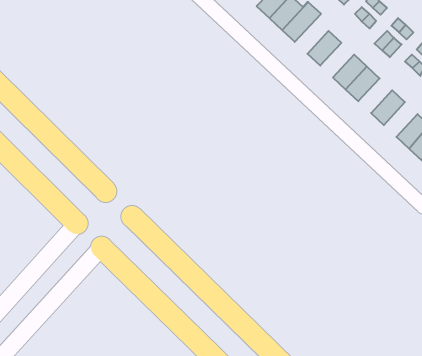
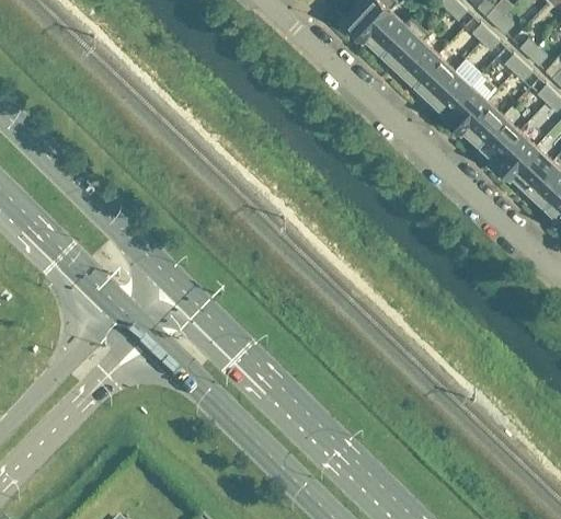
building: none -> [393,33,437,84]
building: none -> [426,70,470,115]
building: none -> [476,116,519,161]
building: none -> [508,147,552,192]

